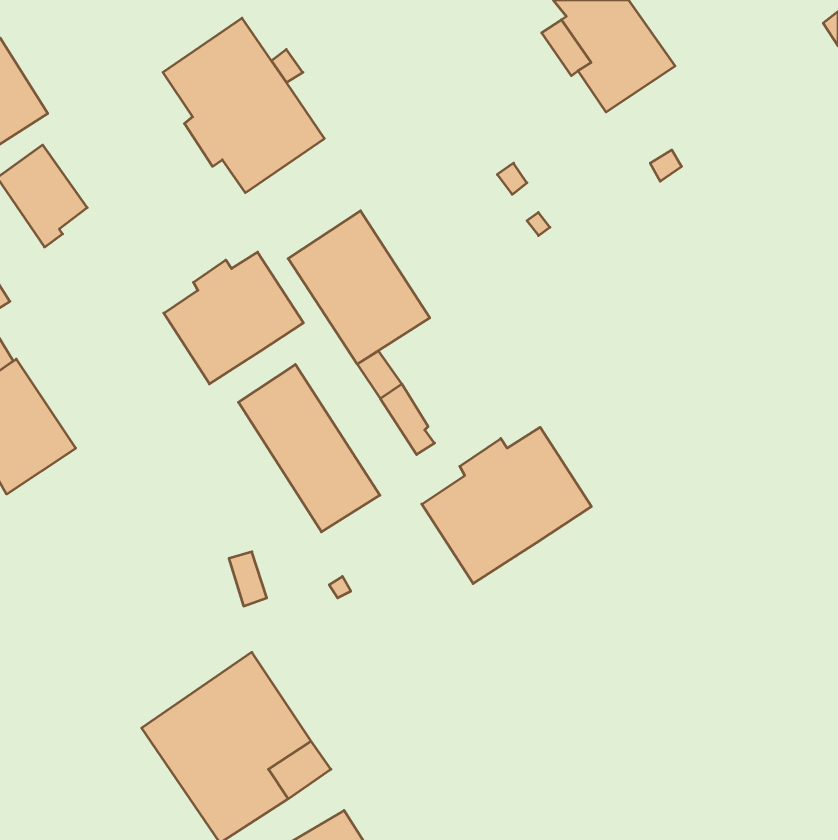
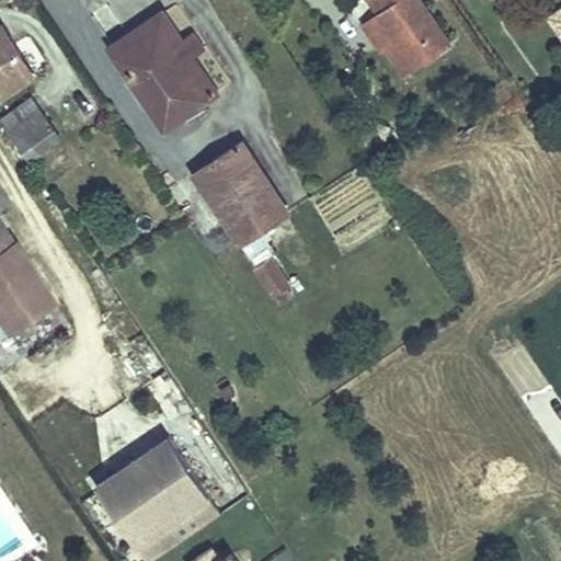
building: [164,252,303,384] -> none
building: [238,364,380,532] -> none
building: [422,427,591,584] -> none

